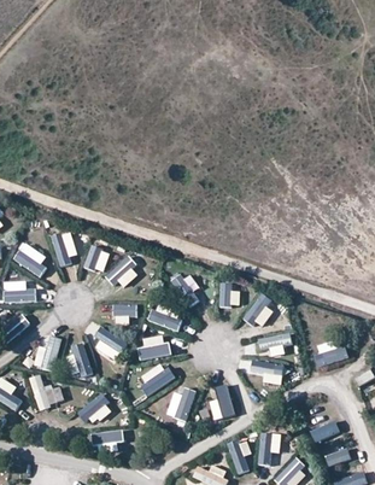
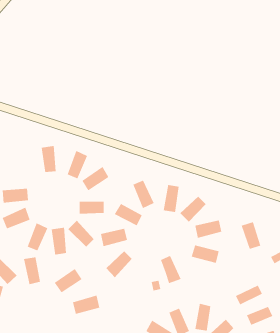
building: [18,245,53,281] -> none
building: [175,382,198,419] -> none

